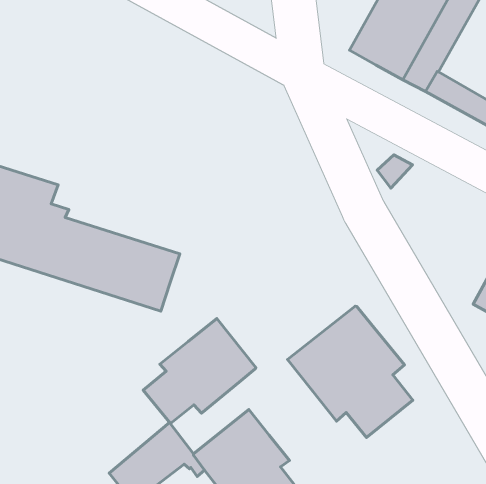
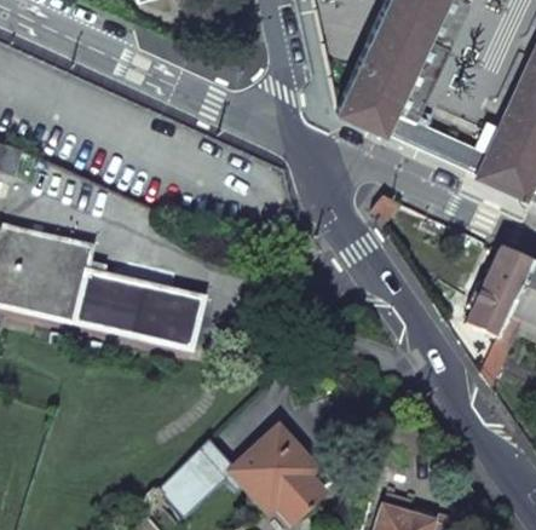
building: [288,306,413,438] -> none
building: [143,319,256,424] -> none

